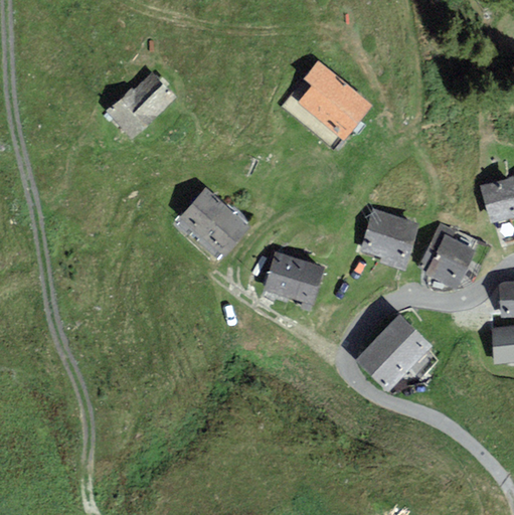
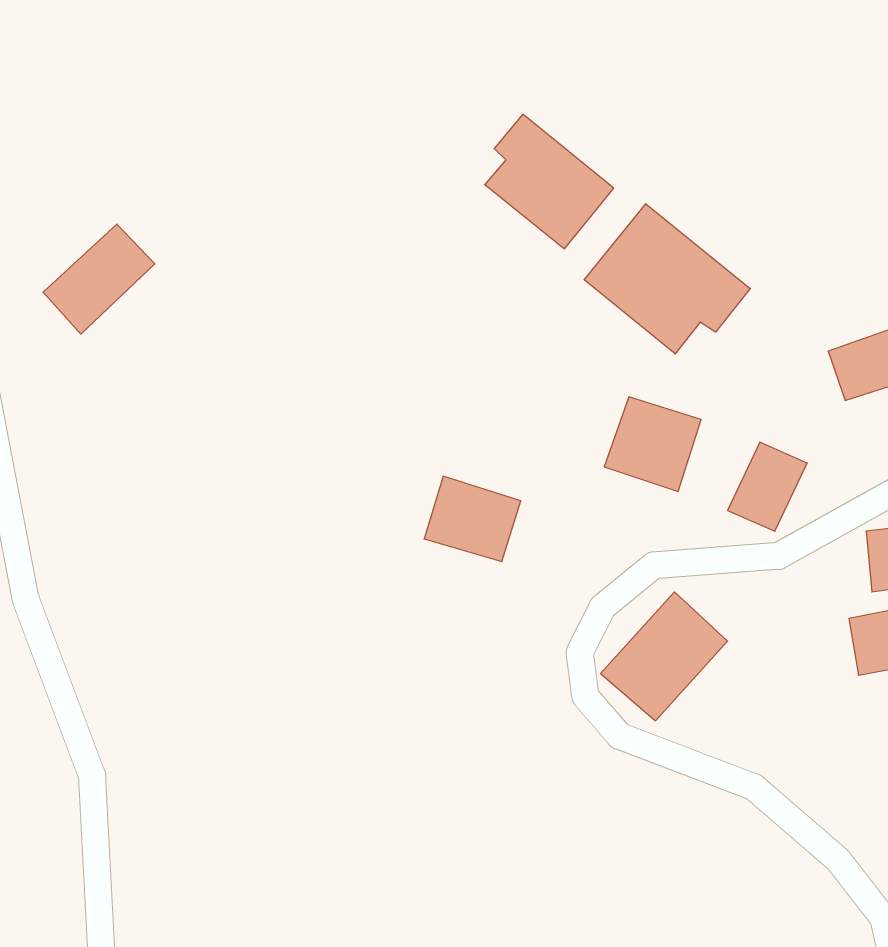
building: [110,75,169,134] -> [43,224,155,334]
building: none -> [584,204,750,354]
building: [178,190,240,251] -> none

